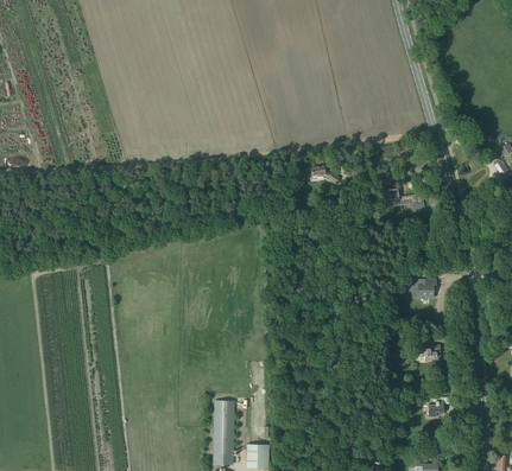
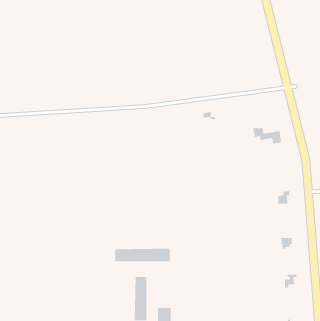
building: none -> [115,248,170,262]

